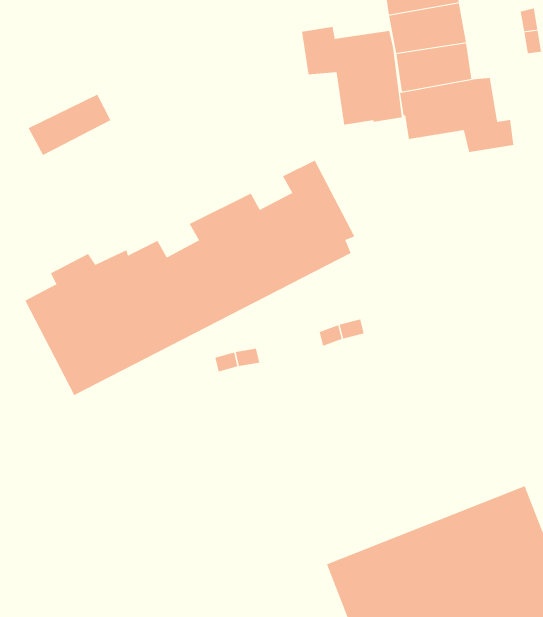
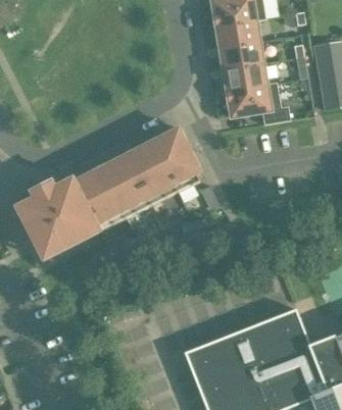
building: [302,26,403,126] -> none
building: [28,94,111,156] -> none

